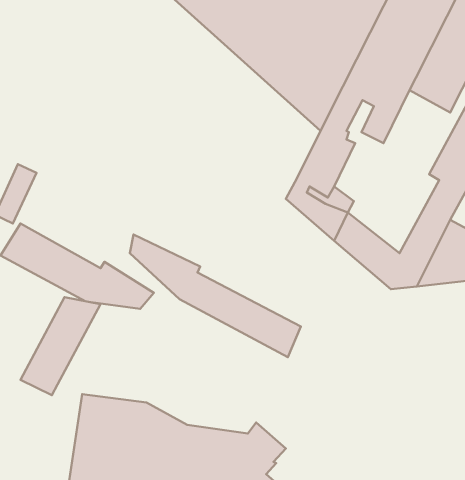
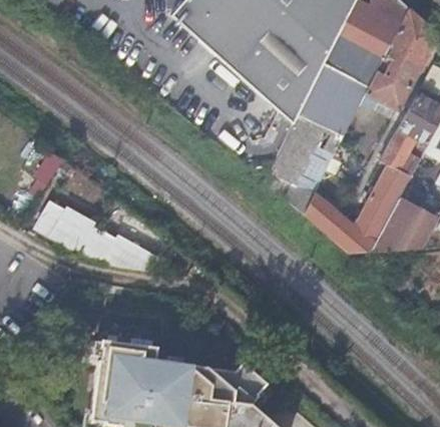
building: [130,235,301,357] -> none
building: [20,297,101,395] -> none

